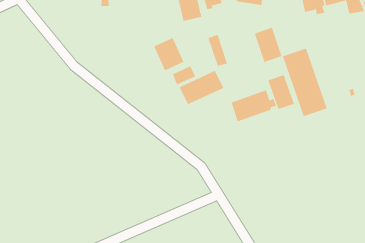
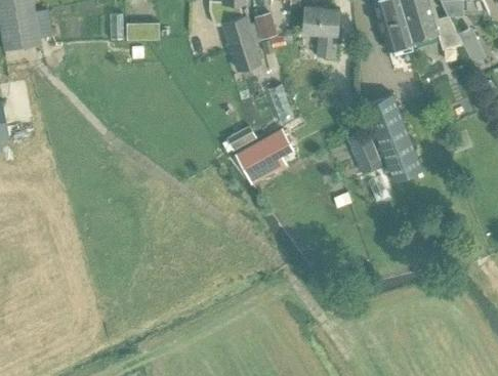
building: [254,27,282,63] -> none
building: [154,37,184,71] -> none
building: [231,90,277,122] -> none

